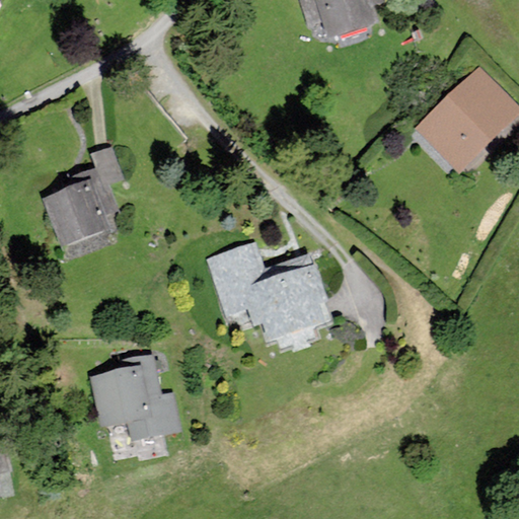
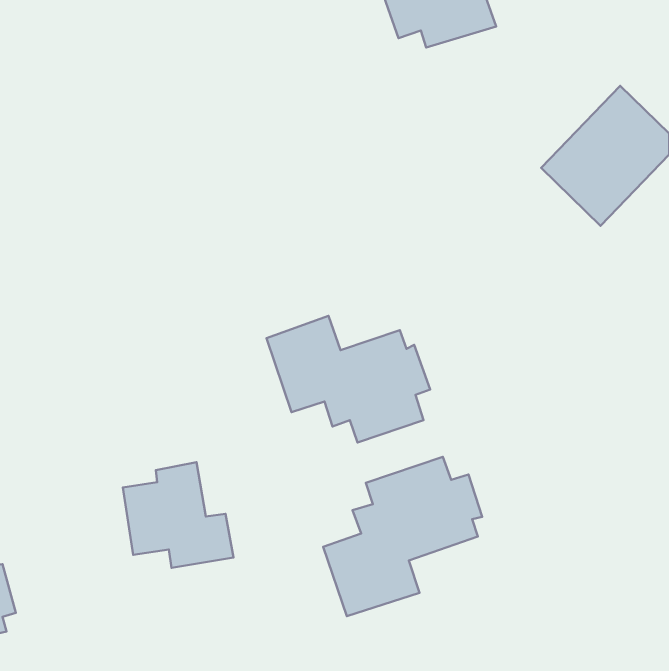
building: [46,147,121,255] -> none
building: none -> [323,457,482,616]

